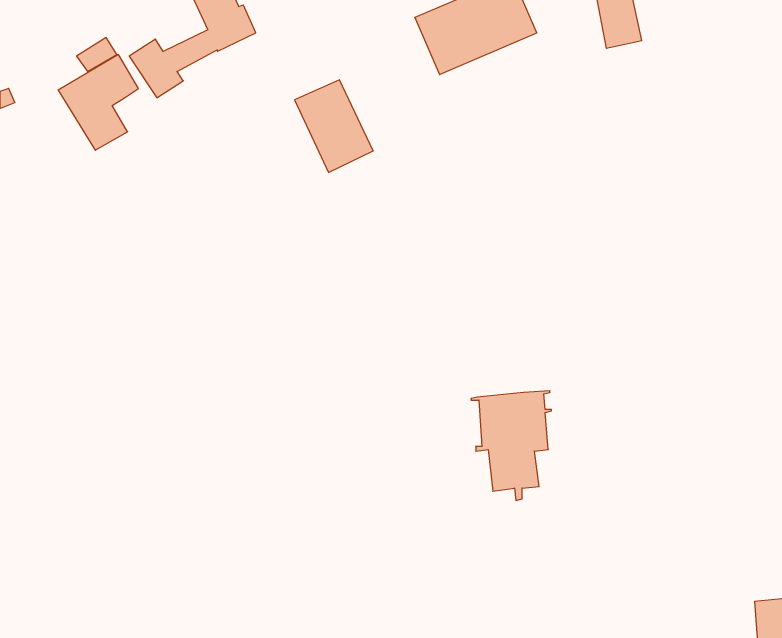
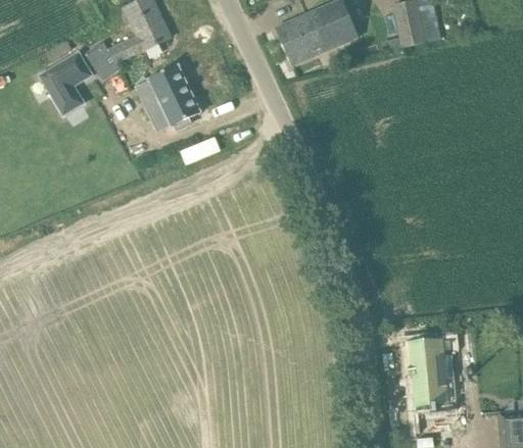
building: [295,80,373,172] -> [141,63,193,125]
building: [471,391,551,501] -> [397,343,450,415]

